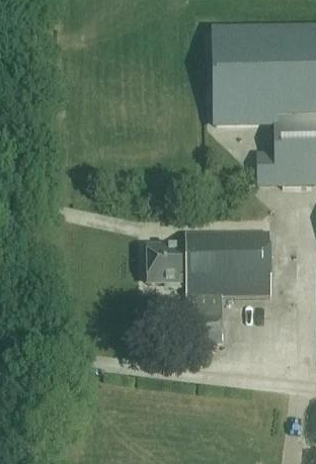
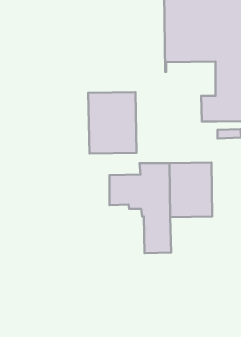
building: none -> [88,92,136,153]

